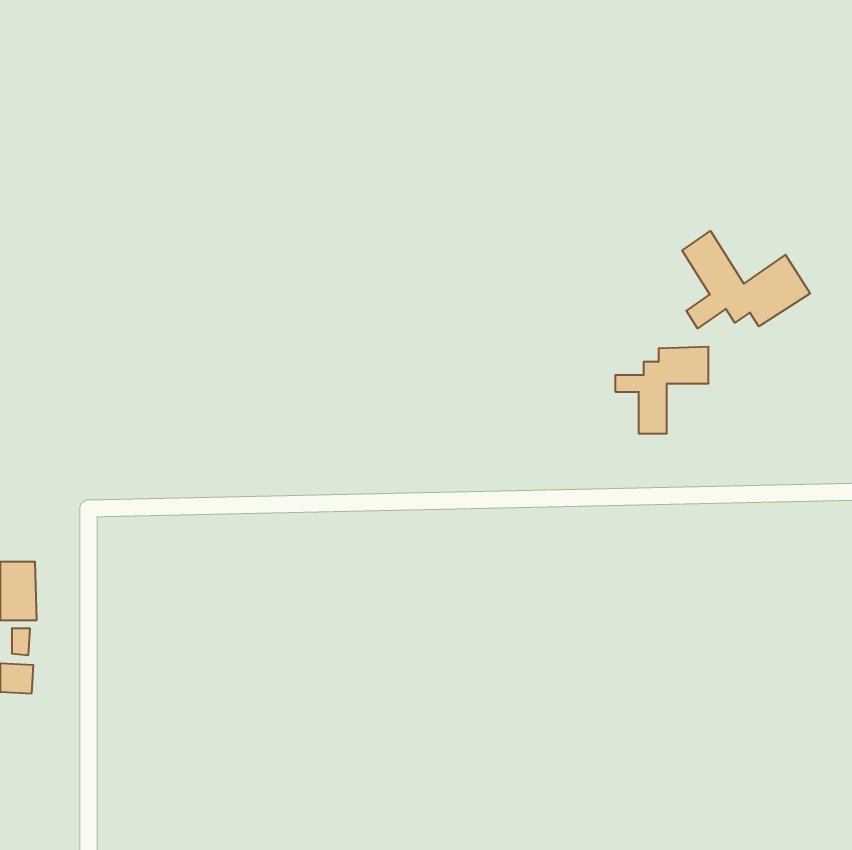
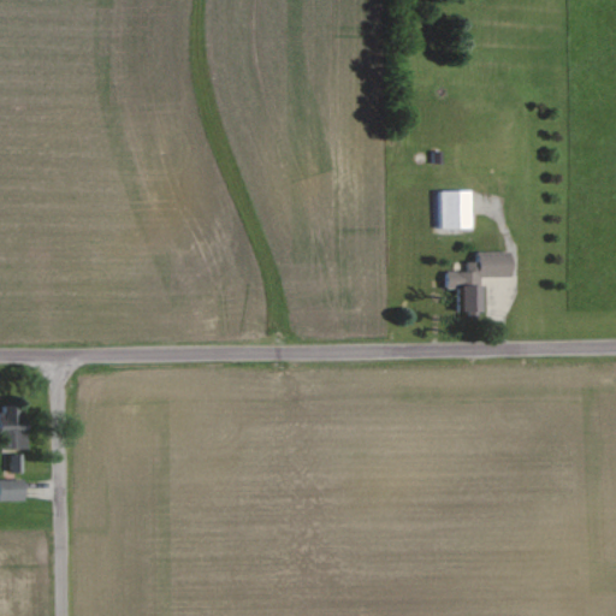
building: [682,231,810,328] -> none
building: none -> [439,191,470,230]

